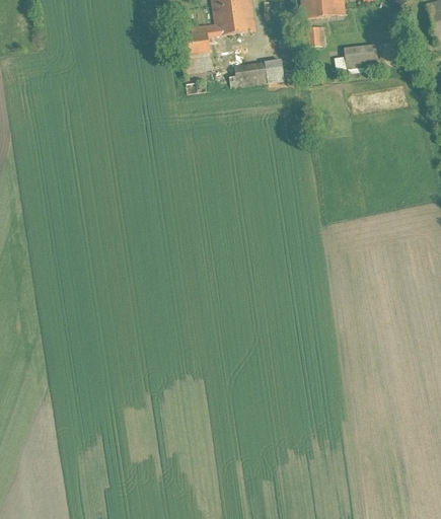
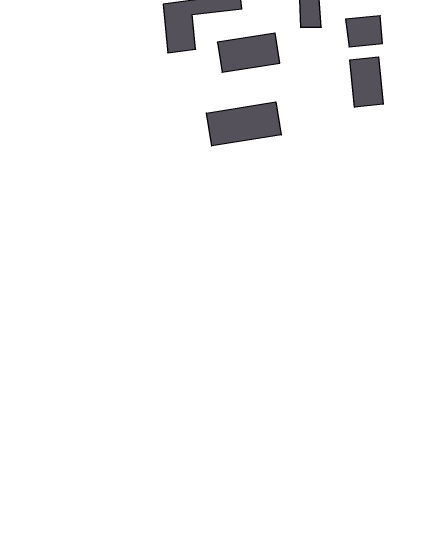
building: none -> [350,57,383,107]
building: none -> [206,102,281,146]

